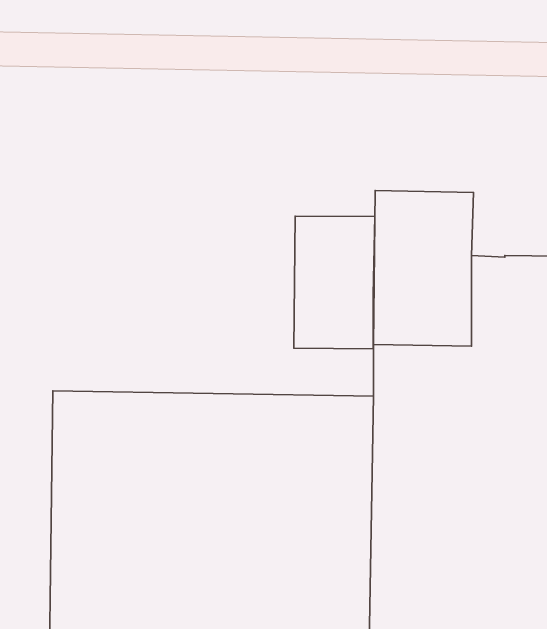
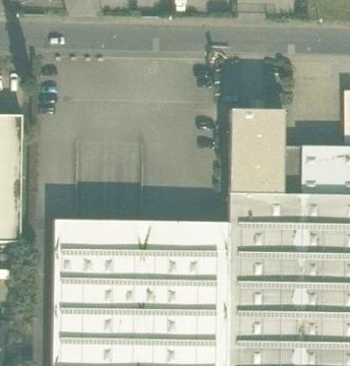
building: [294,216,375,349] -> none

